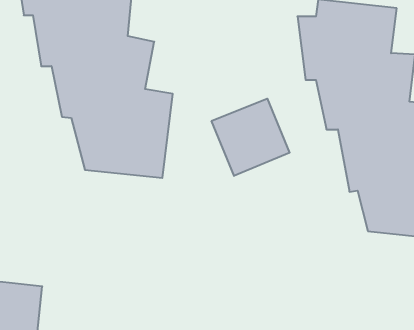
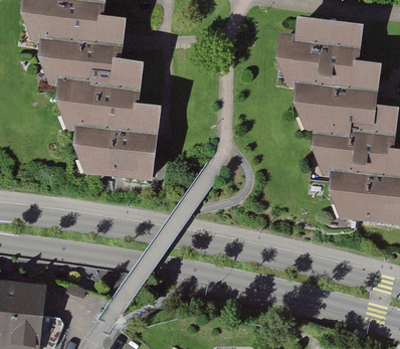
building: [212,99,290,176] -> none

